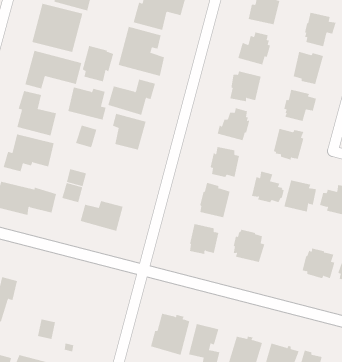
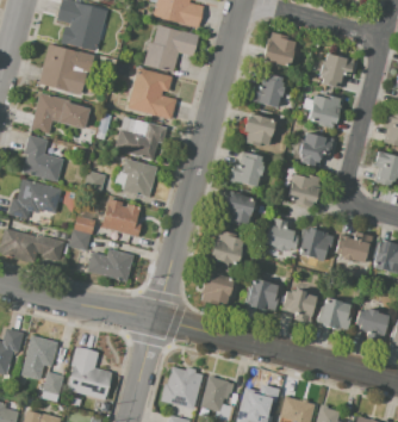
building: [82,45,114,82] -> none
building: [67,87,107,120] -> [101,201,142,236]
building: none -> [284,287,317,323]
building: none -> [21,334,58,379]
building: none -> [67,346,112,401]

